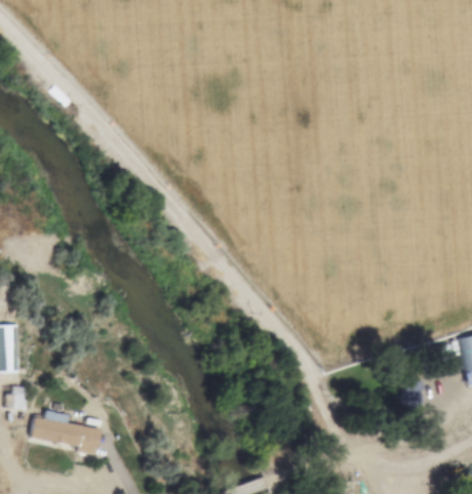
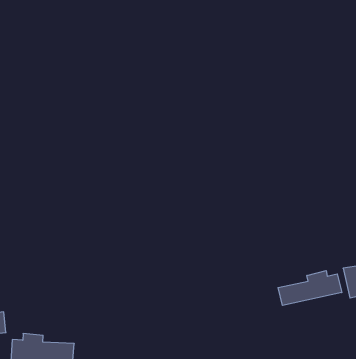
building: none -> [278,271,342,305]

